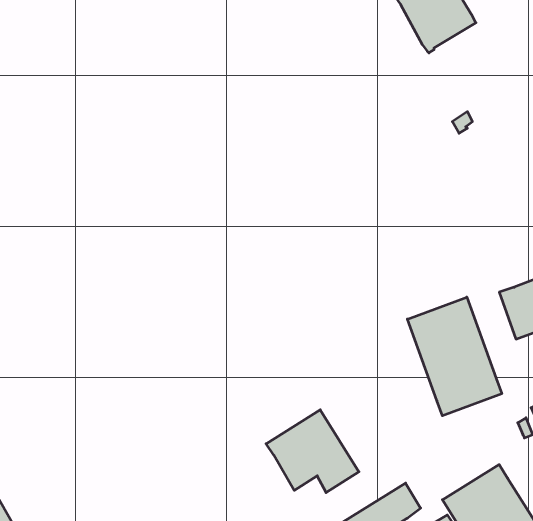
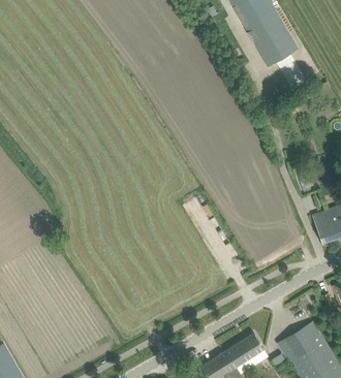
building: [407,297,502,416] -> none
building: [266,410,359,493] -> none

